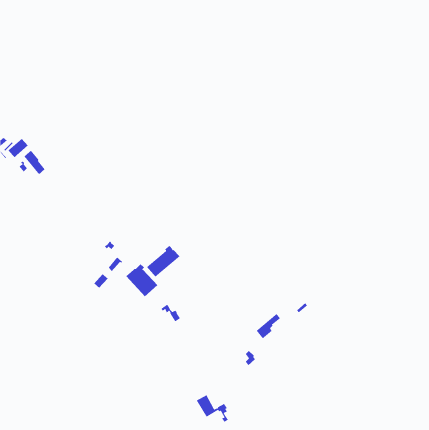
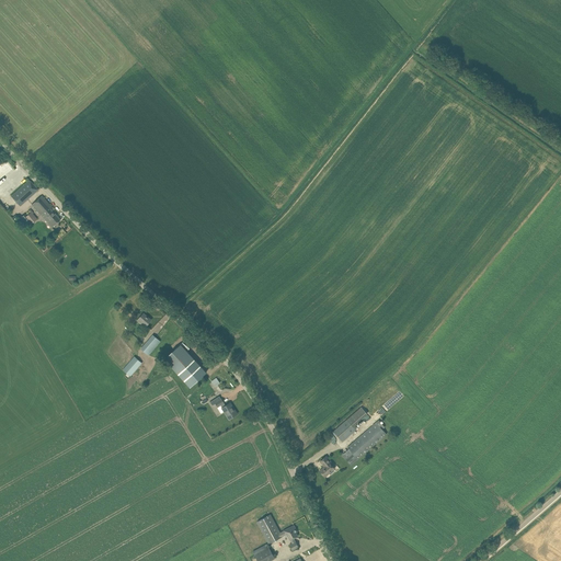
building: [146,245,181,278] -> none
building: none -> [346,420,386,459]

